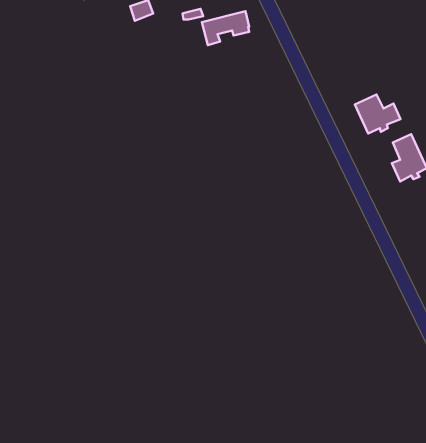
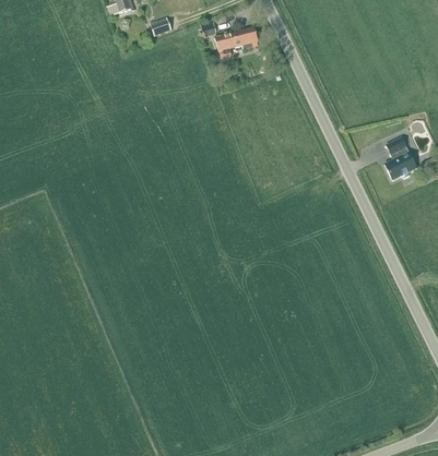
building: [355,94,401,133] -> none

